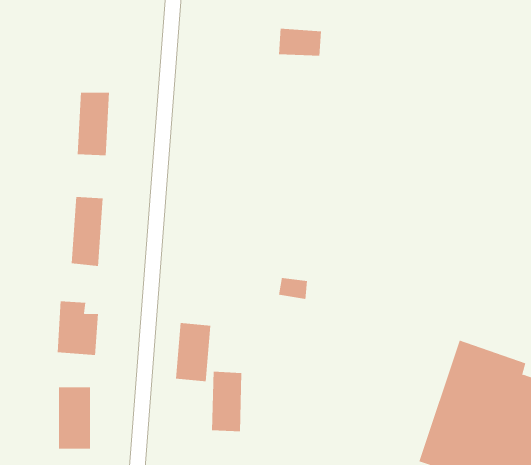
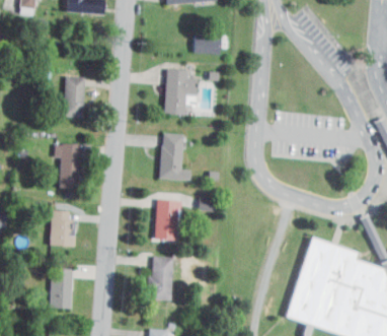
building: none -> [165,71,201,119]
building: none -> [160,135,184,182]
building: [175,323,211,382] -> [157,200,180,239]

